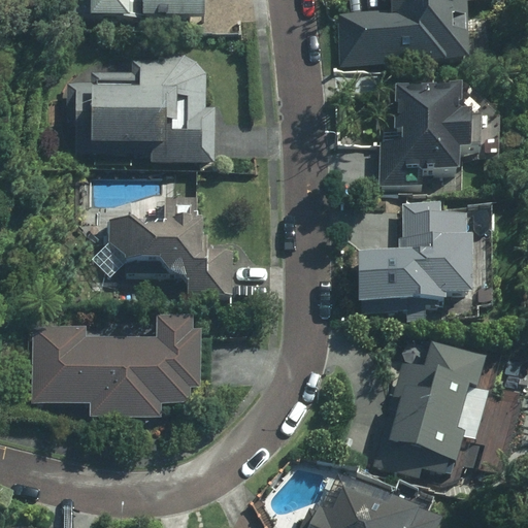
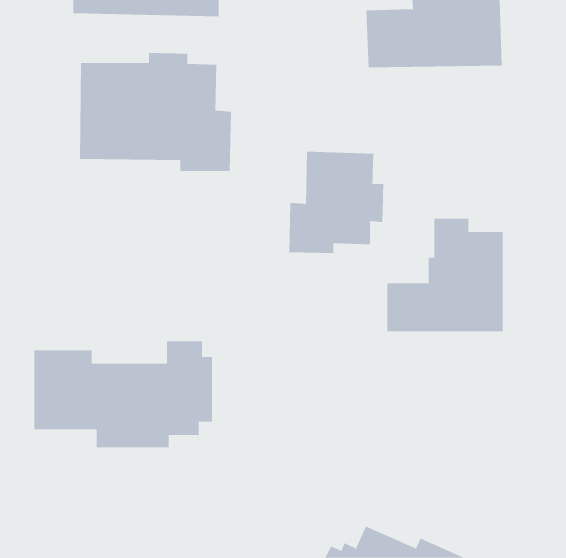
building: [381,88,469,183] -> [288,151,384,254]
building: [109,194,232,290] -> none
building: [375,342,487,478] -> none

